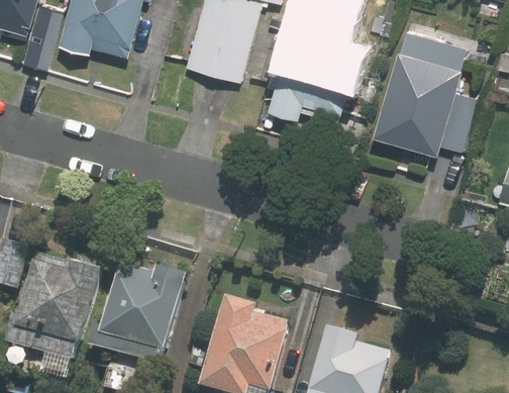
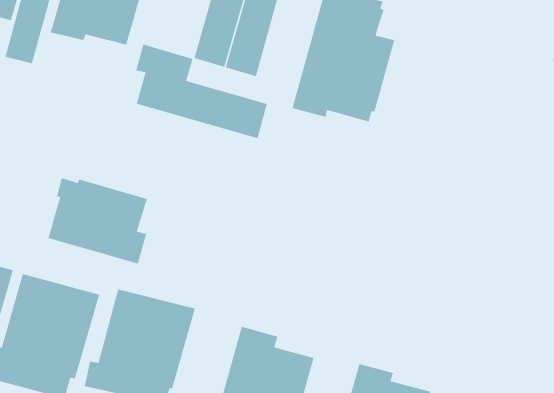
building: [374,23,475,152] -> none
building: none -> [135,43,268,139]
building: none -> [48,177,148,265]

